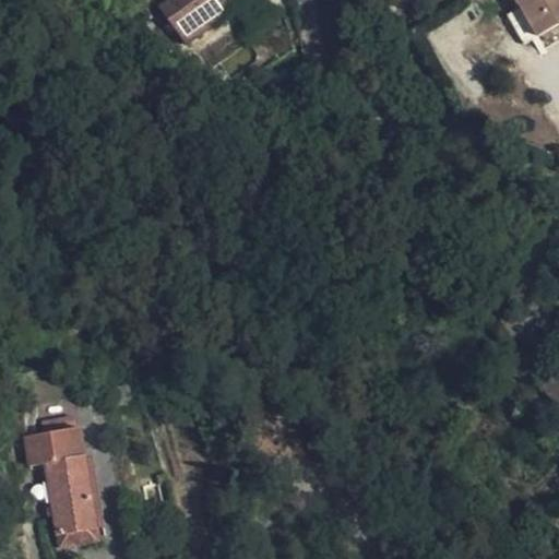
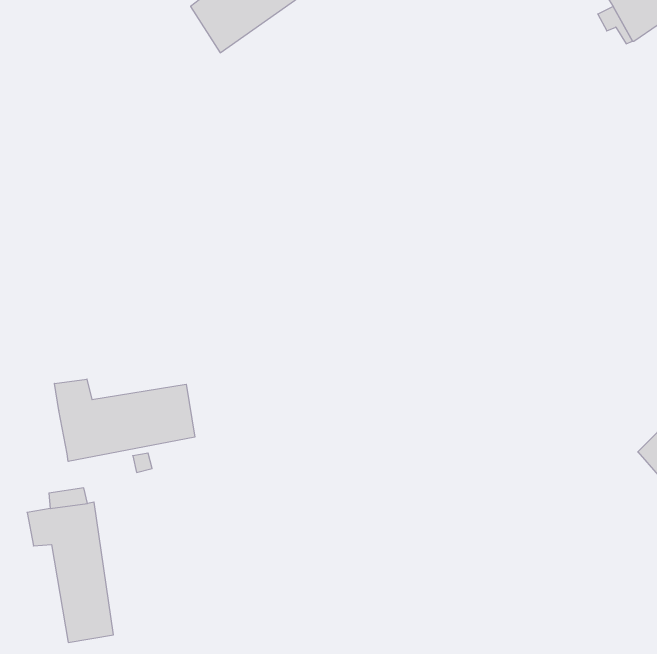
building: none -> [54,379,195,461]

